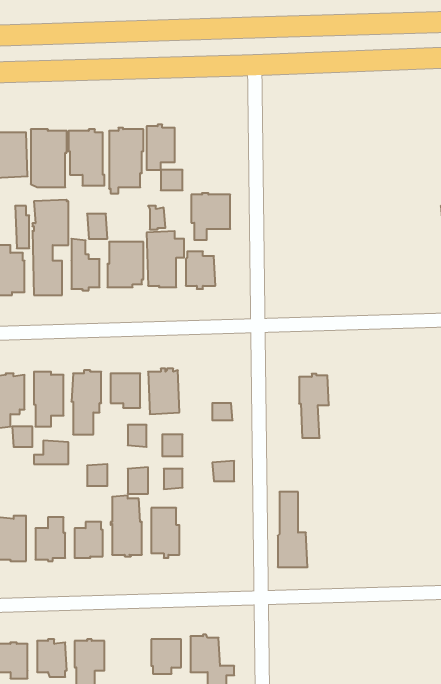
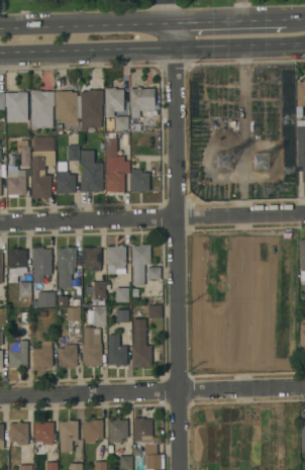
building: [191,193,230,240] -> [129,87,155,117]
building: [299,374,329,438] -> [131,244,150,285]
building: [278,492,308,567] -> [132,318,151,367]
building: none -> [84,419,103,442]

